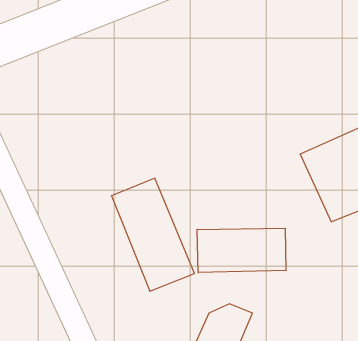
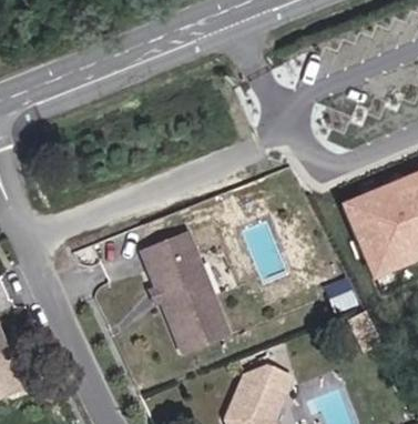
building: [197,228,286,273] -> none

